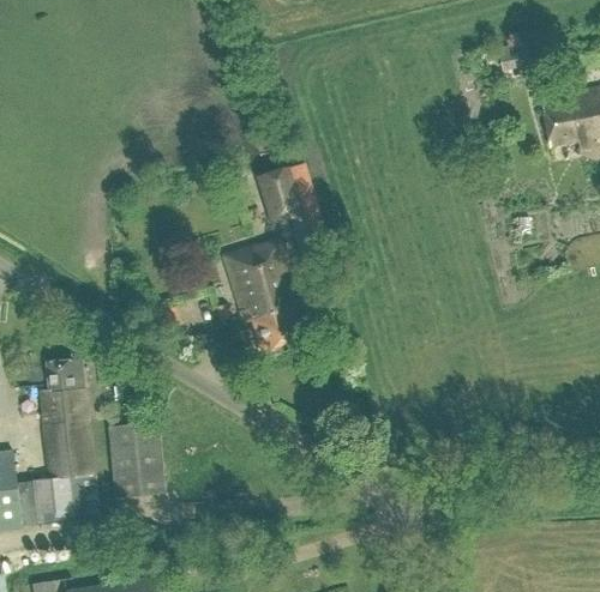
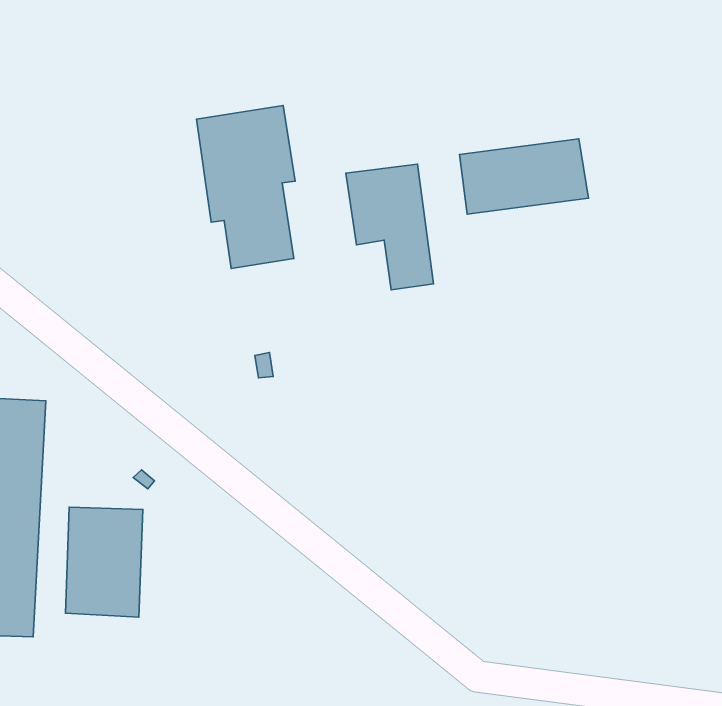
building: none -> [460,139,588,214]
building: [222,238,301,352] -> [196,105,295,269]

